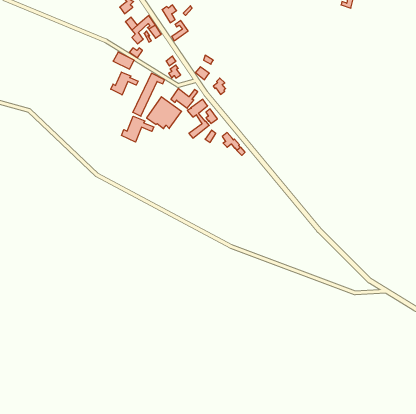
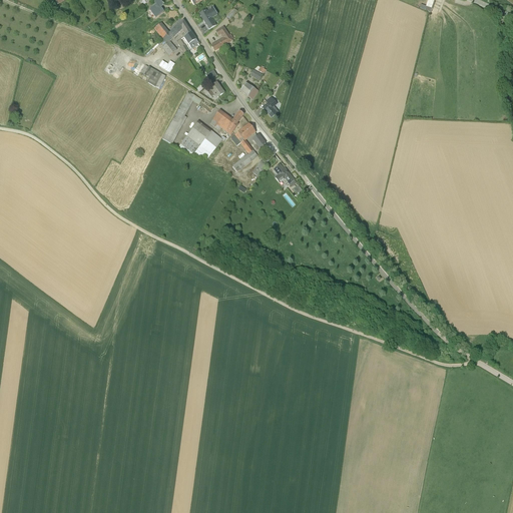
building: [111,72,138,95] -> none
building: [122,116,154,142] -> none

